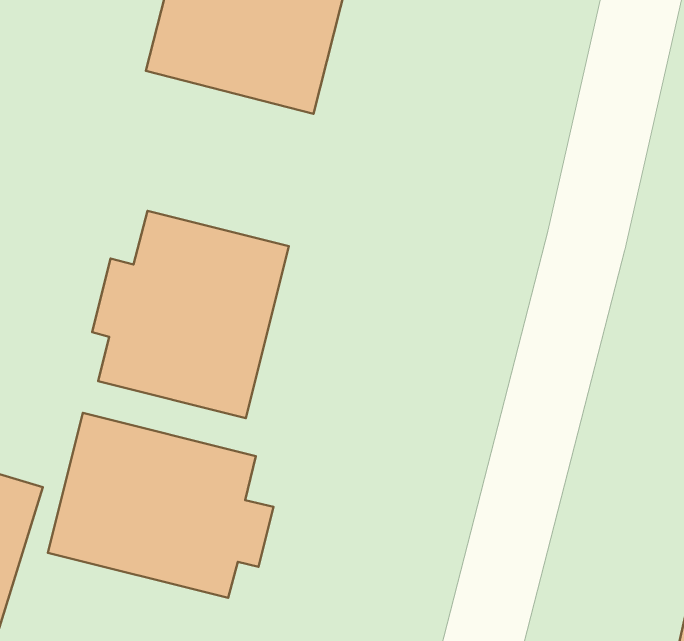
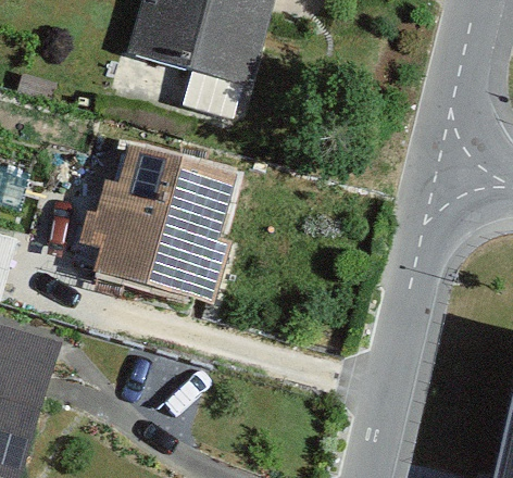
building: [48,413,274,598] -> none

